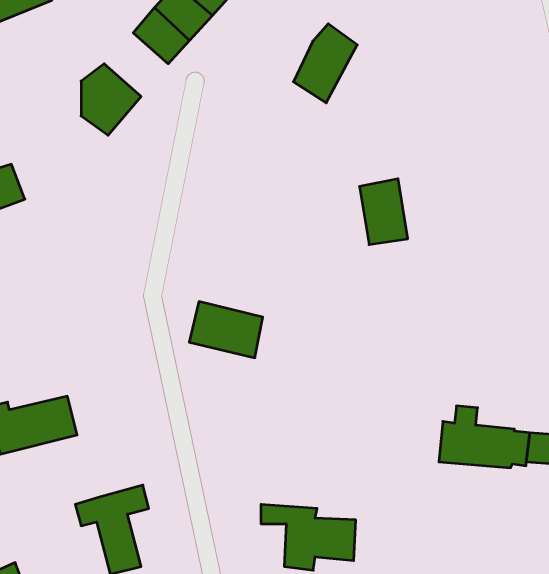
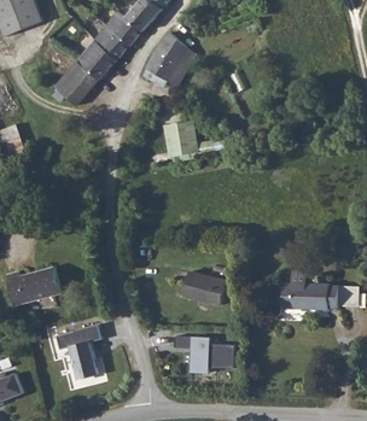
building: [293,24,357,103] -> [146,33,186,82]
building: none -> [76,42,116,82]
building: [359,179,408,245] -> [168,122,198,163]
building: [189,302,263,358] -> [181,268,227,303]

